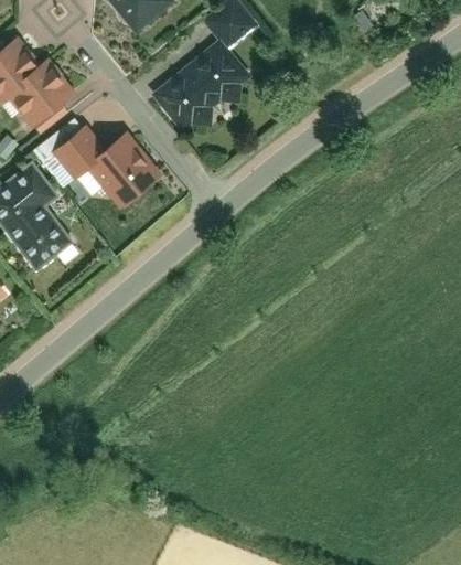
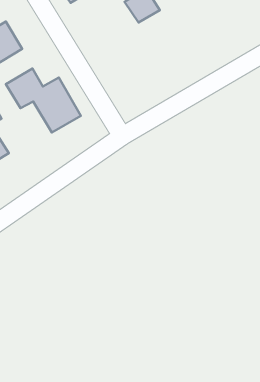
building: [156,44,248,130] -> none

